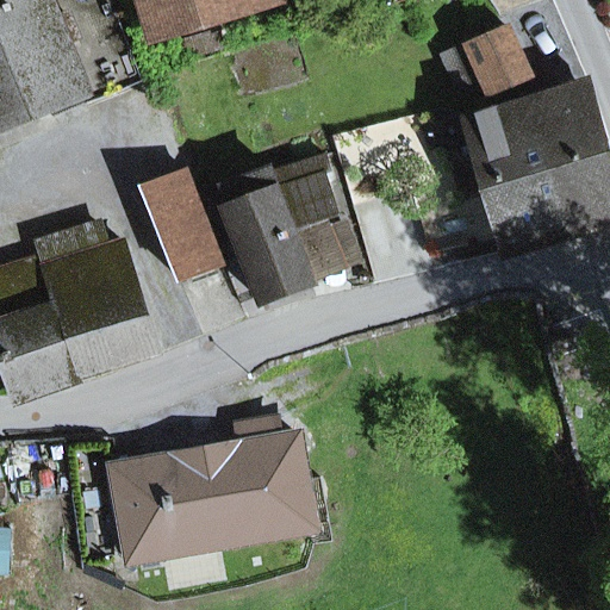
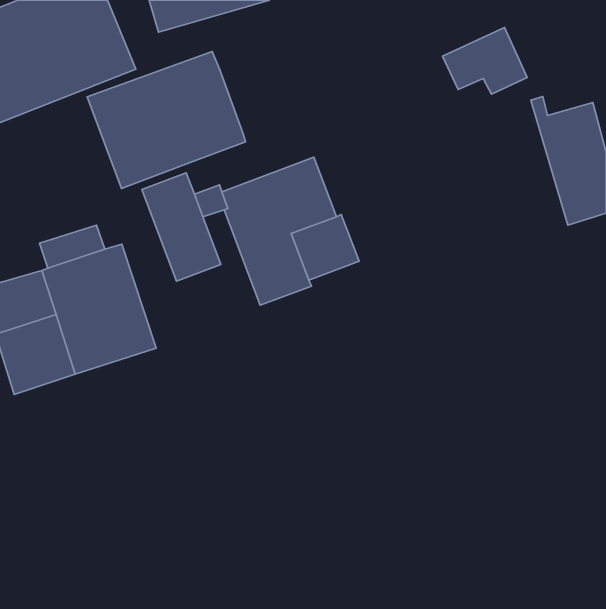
building: none -> [87,51,246,188]
building: [472,100,567,242] -> none
building: [113,421,313,561] -> none

